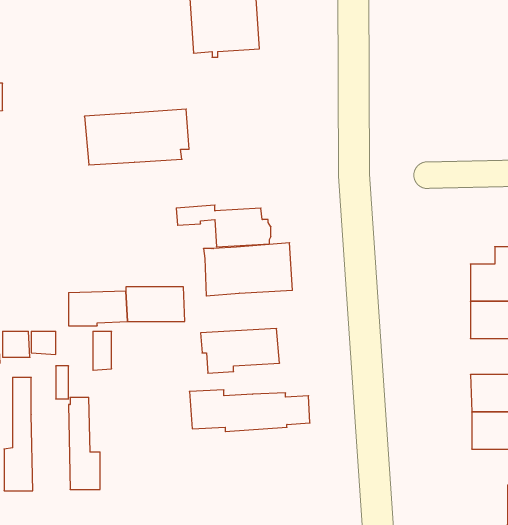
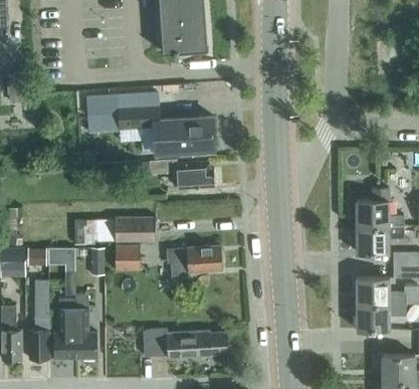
building: [203,243,292,296] -> [153,117,215,154]
building: none -> [117,245,140,270]
building: [189,390,310,432] -> [143,330,227,359]
building: none -> [53,300,75,359]

